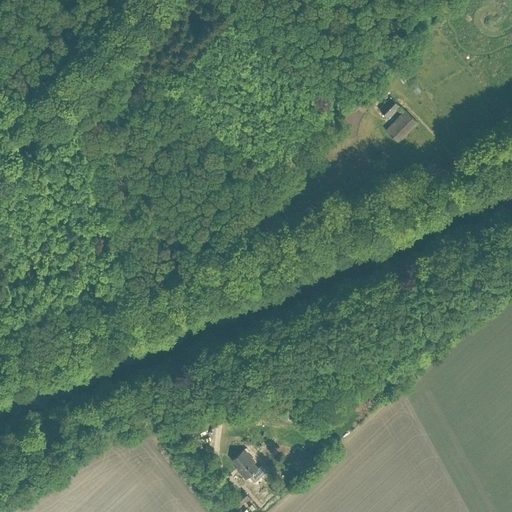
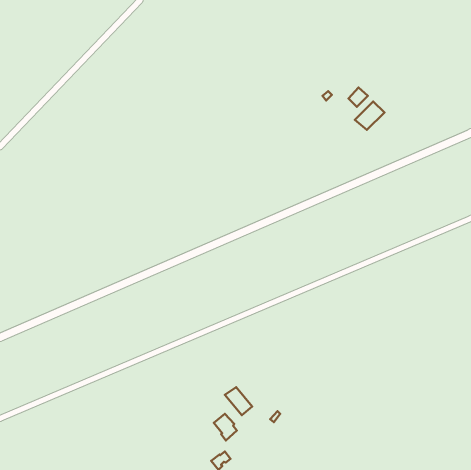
building: none -> [225,387,252,415]

